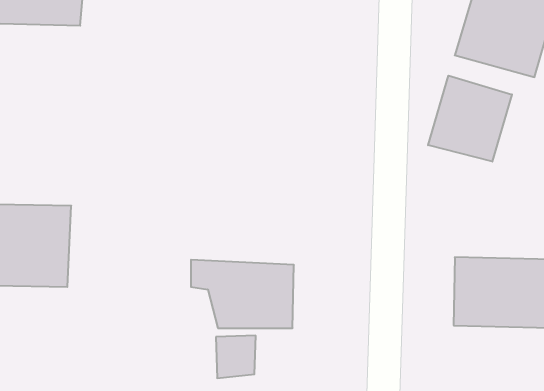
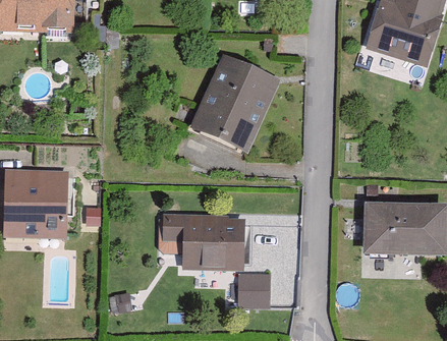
building: none -> [184,55,278,151]
building: [428,76,512,162] -> none
building: [216,336,256,378] -> [238,272,270,305]

